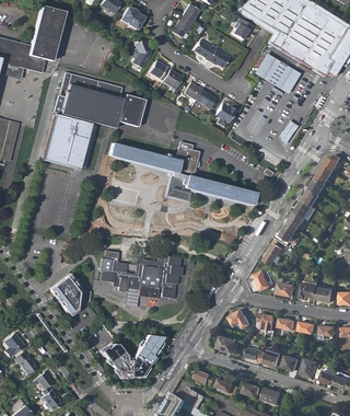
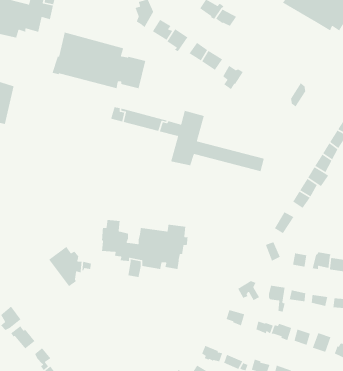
building: [255,54,301,95] -> none
building: [42,115,97,170] -> none
building: [96,336,161,379] -> none

